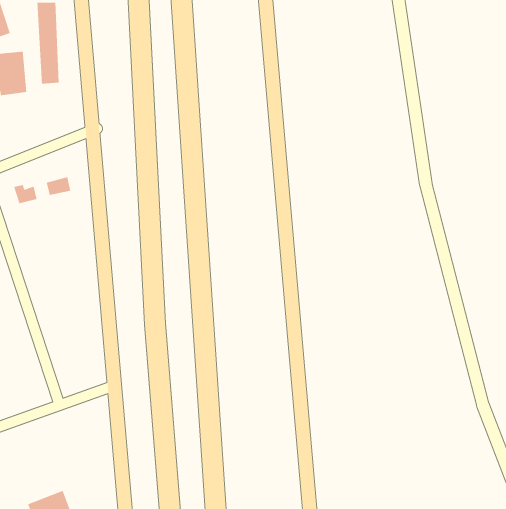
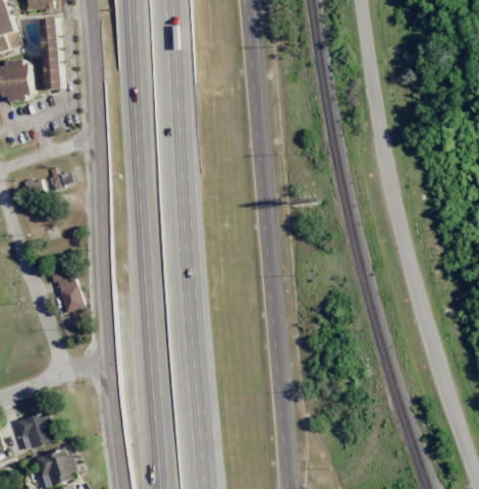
building: none -> [51,265,84,314]
building: none -> [15,412,55,449]

